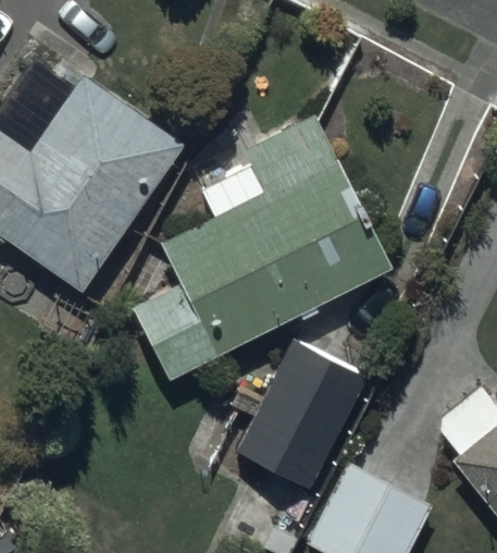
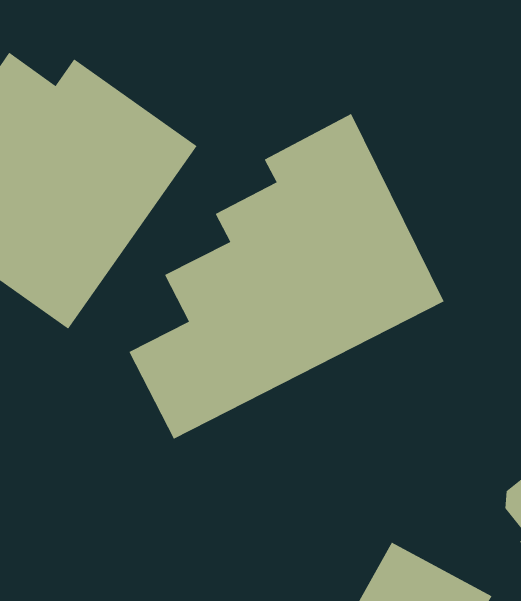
building: [235,343,368,494] -> none

